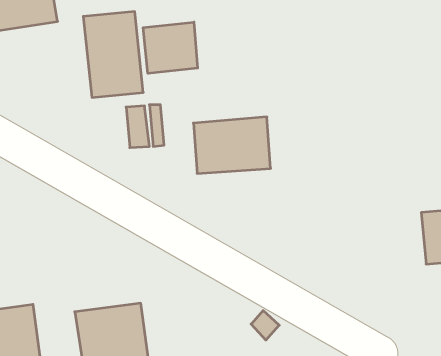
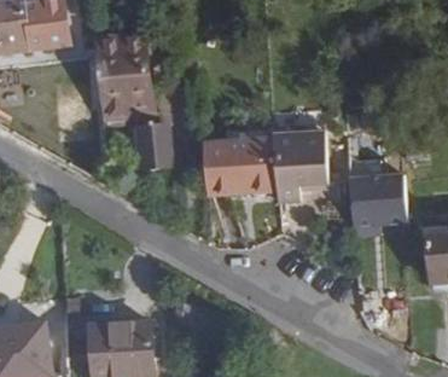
building: [143,22,198,73] -> none
building: none -> [273,133,328,202]
building: none -> [347,172,406,231]

